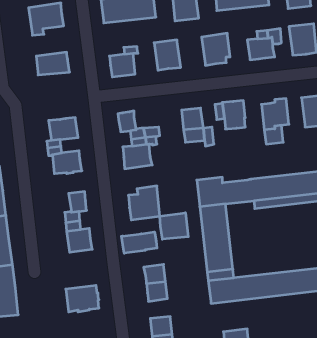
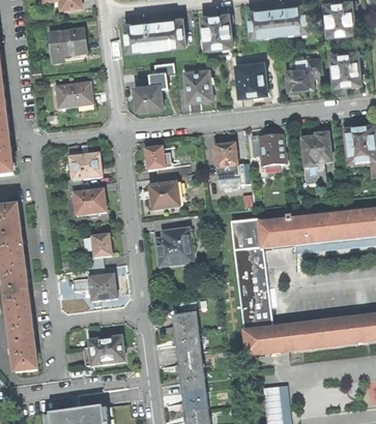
building: [160,213,188,239] -> none
building: [121,232,157,253] -> none
building: none -> [178,351,202,372]

